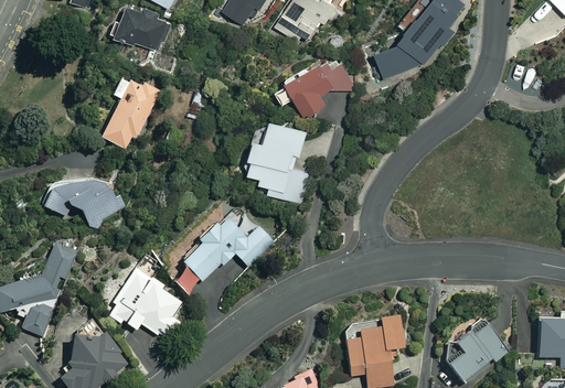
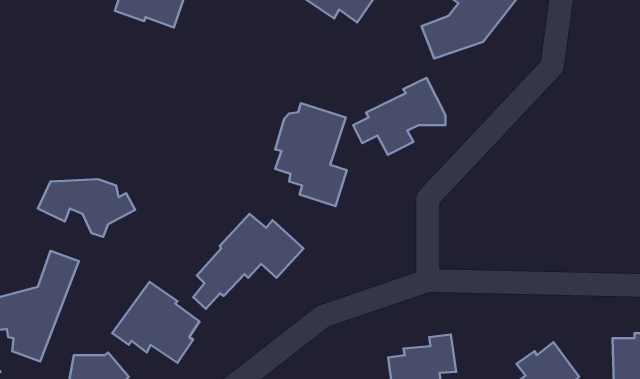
building: [274,48,353,115] -> [353,78,446,155]
building: [102,76,161,149] -> none

